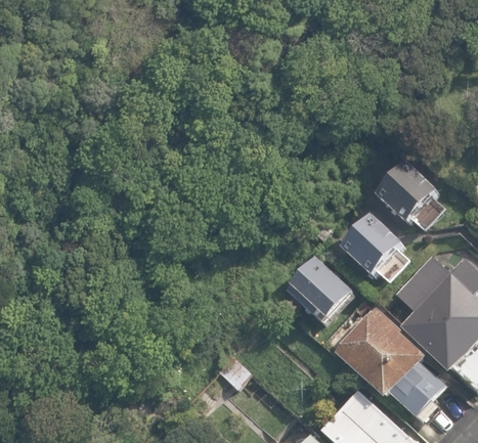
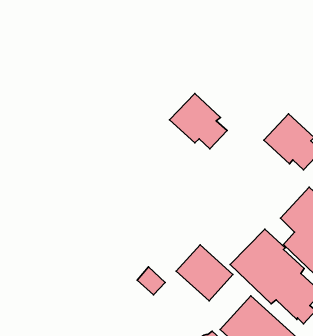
building: [339,215,410,283] -> [169,94,227,149]
building: [285,257,355,326] -> [176,245,233,301]

